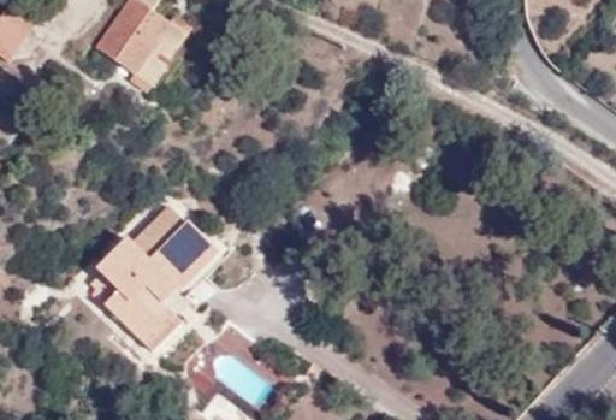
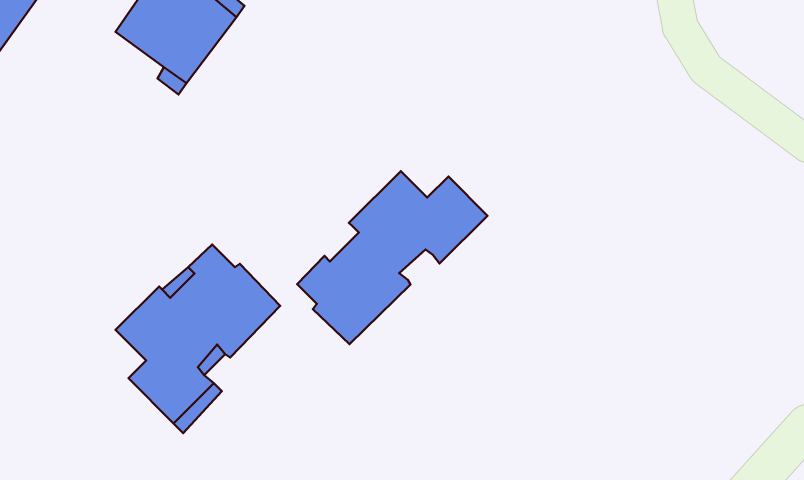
building: none -> [297,171,488,344]

